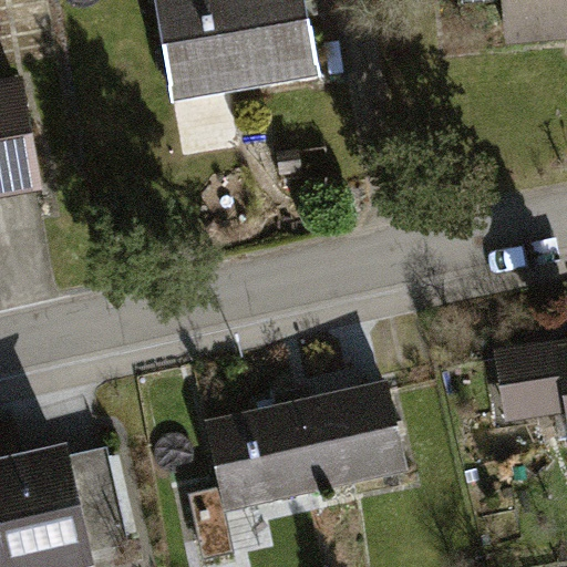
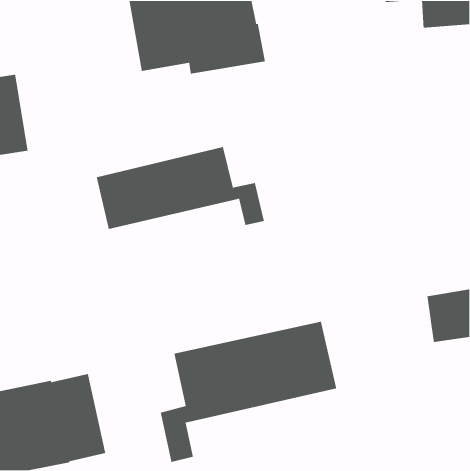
building: none -> [96,146,265,230]

